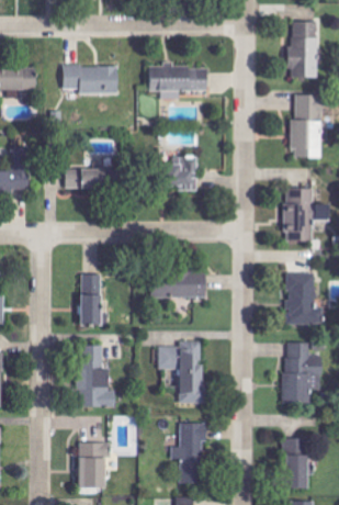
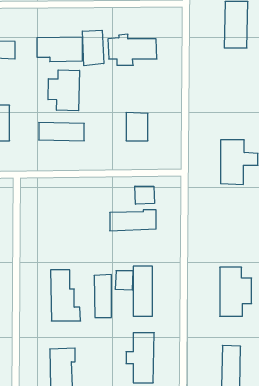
building: none -> [82,30,104,66]
building: [292,96,321,159] -> none
building: none -> [48,70,79,111]
building: none -> [135,186,154,204]
building: [285,272,321,325] -> none
building: [80,274,101,326] -> [94,275,111,317]

